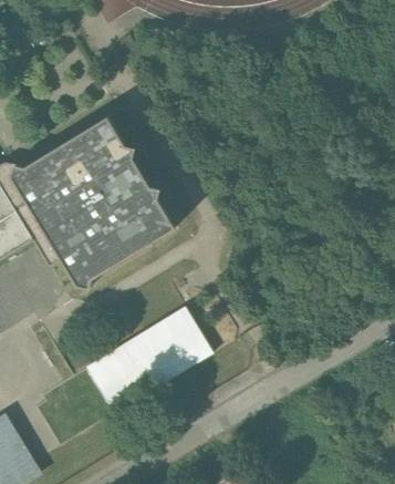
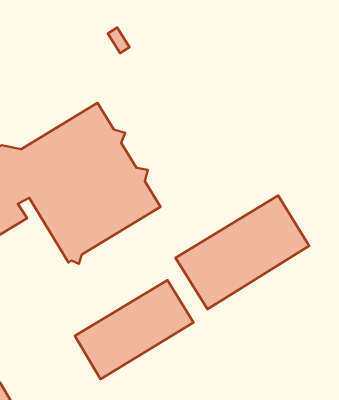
building: none -> [176,195,309,309]

